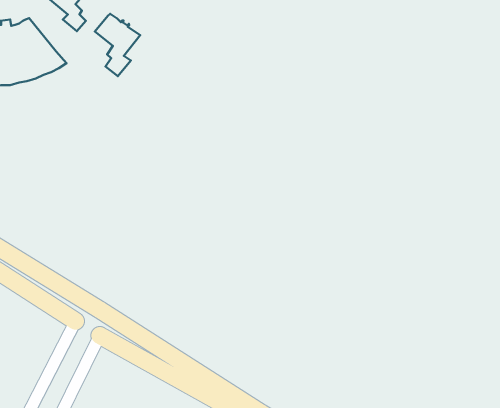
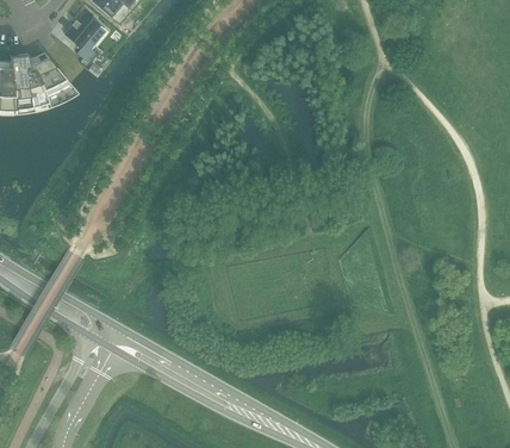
building: [95,14,140,76] -> none

